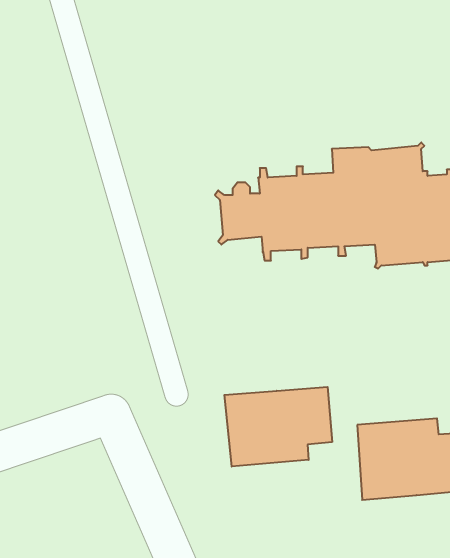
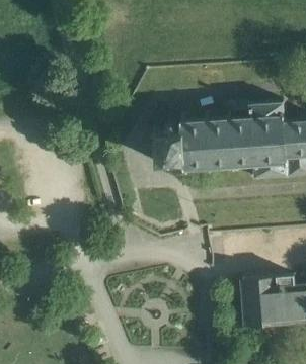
building: [224,387,332,467] -> none

